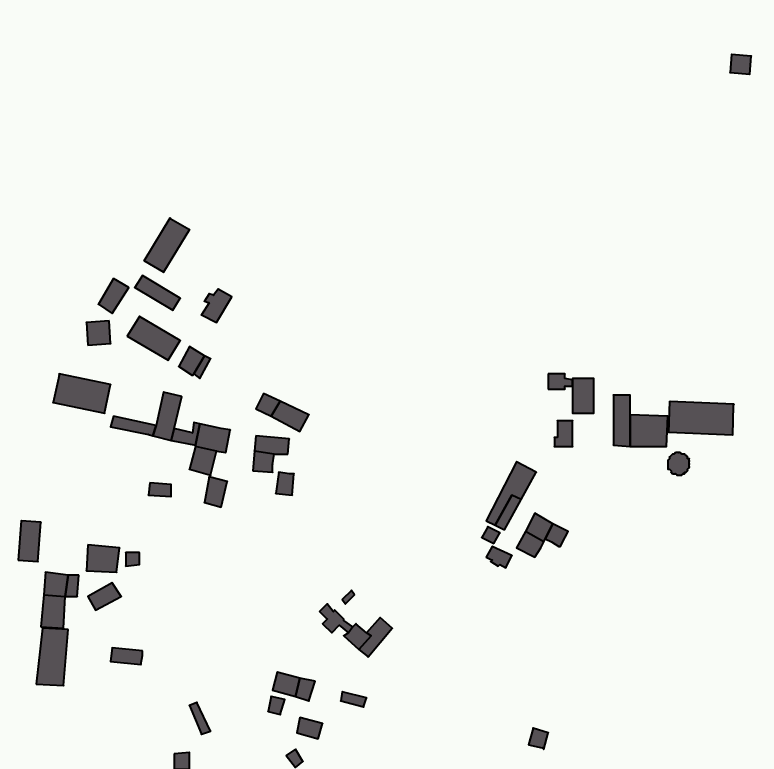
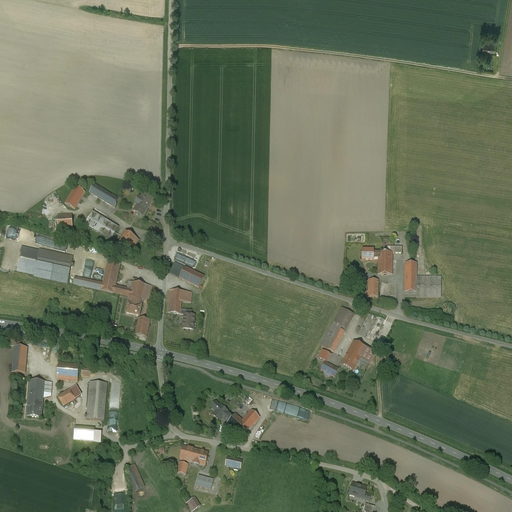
building: [144,218,189,272] -> none
building: none -> [16,245,39,272]
building: [669,401,734,435] -> none
building: [36,628,68,686] -> [86,380,107,418]

